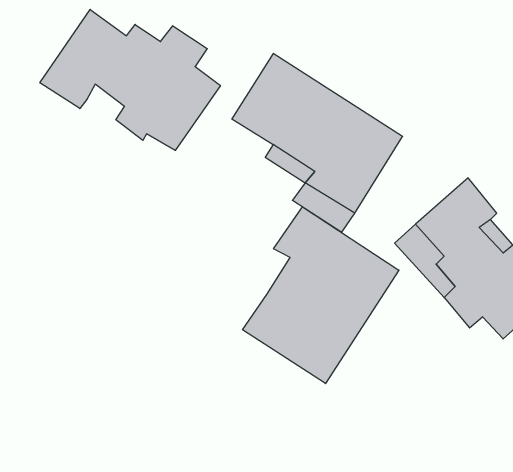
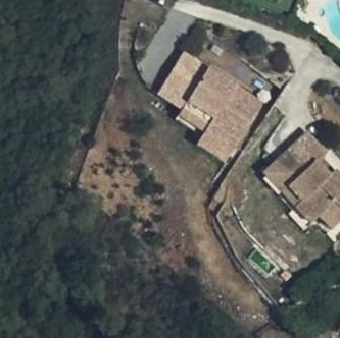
building: [40,9,220,150] -> none
building: [243,207,399,384] -> none

